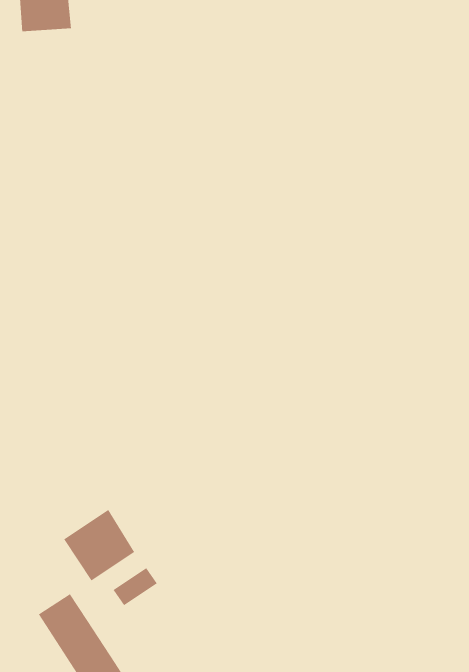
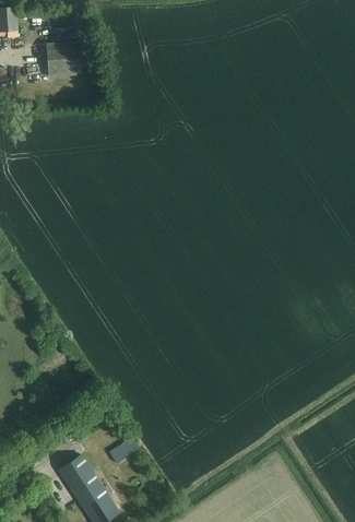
building: [63,509,135,581] -> none

